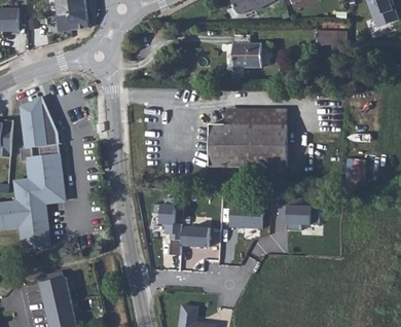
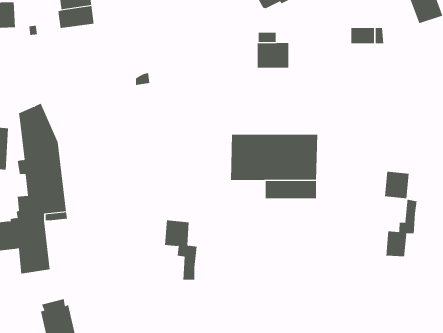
building: [224,108,287,124] -> none
building: none -> [386,199,417,257]
building: [284,205,308,230] -> none
building: [226,209,261,228] -> none
building: [178,224,209,246] -> none

